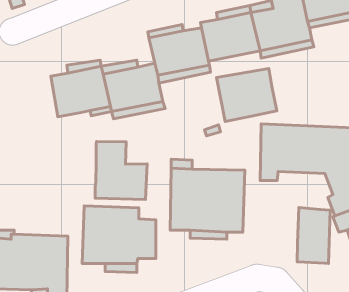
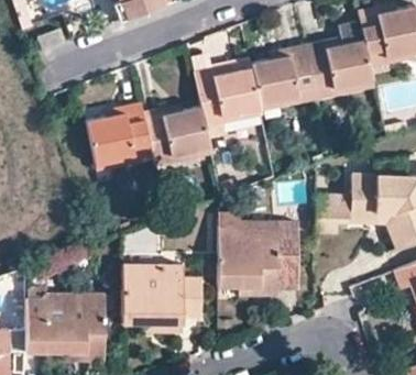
building: [216,68,277,122] -> none
building: [95,141,147,199] -> none
building: [297,208,330,263] -> none

